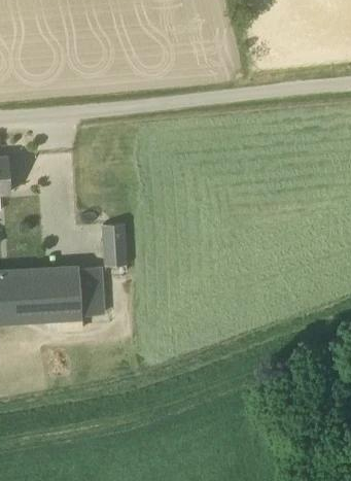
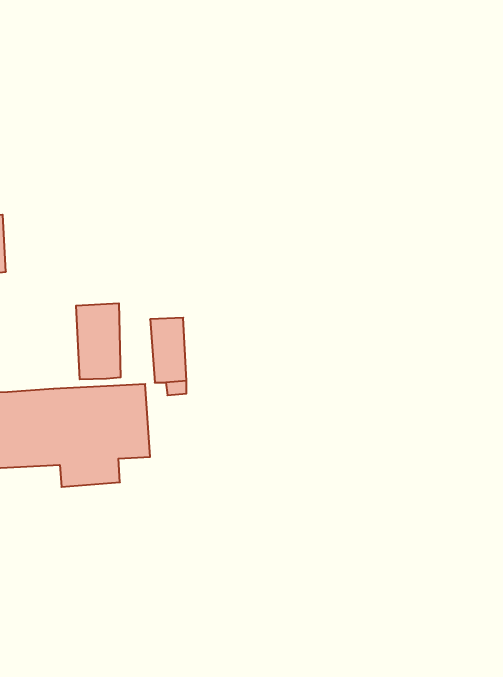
building: none -> [76,303,121,379]

